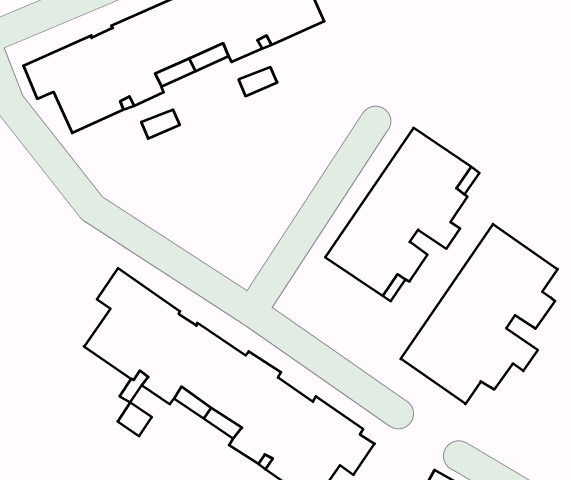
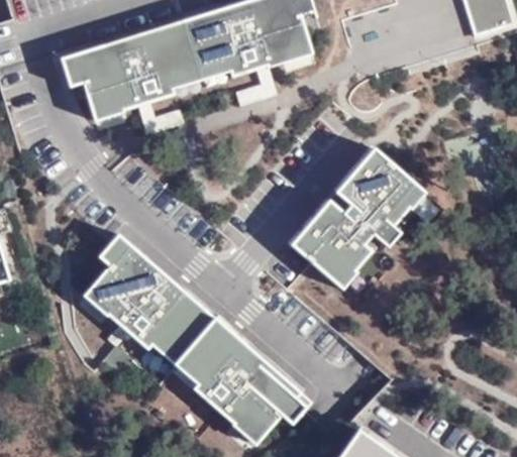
building: [401,224,558,404] -> none

